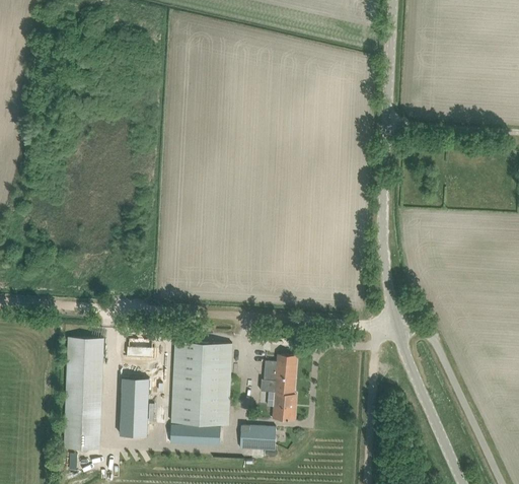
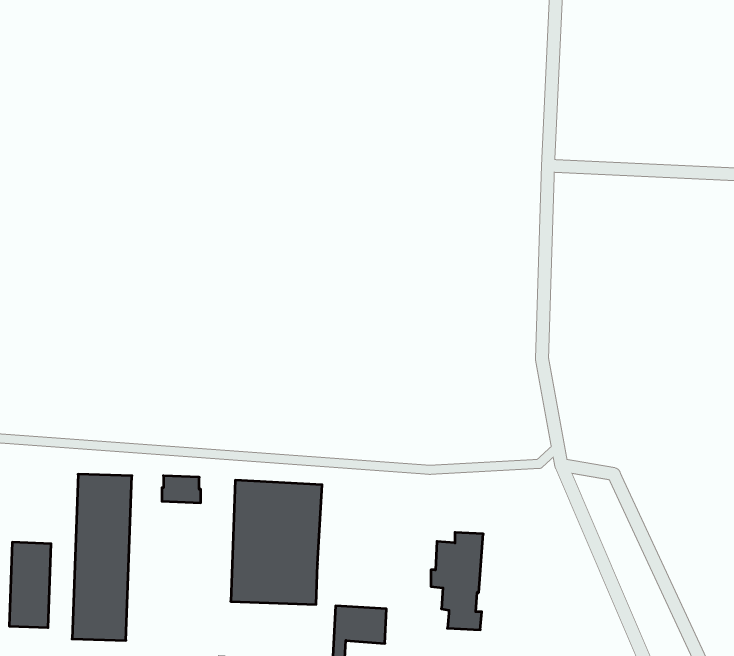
building: [261,355,296,421] -> [431,532,483,630]
building: [121,375,149,433] -> [9,542,51,628]
building: [169,424,220,446] -> none

